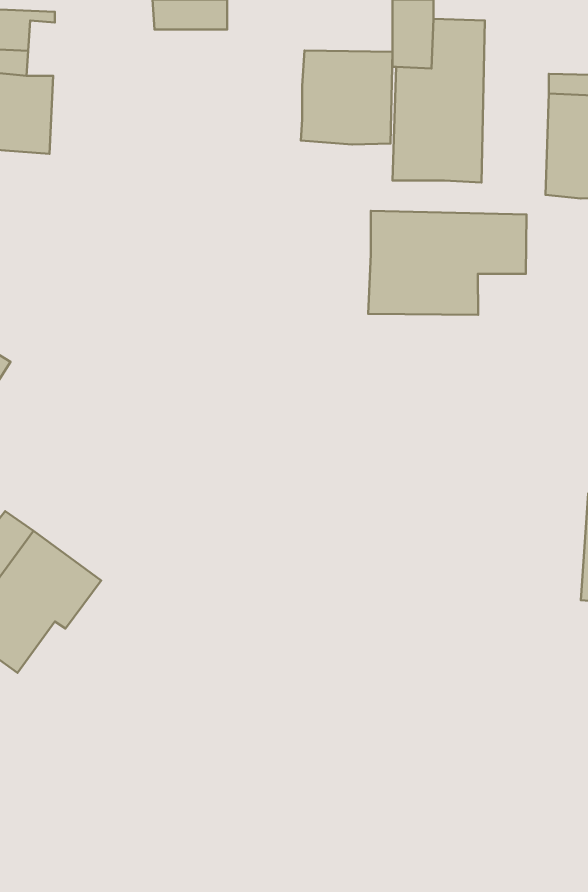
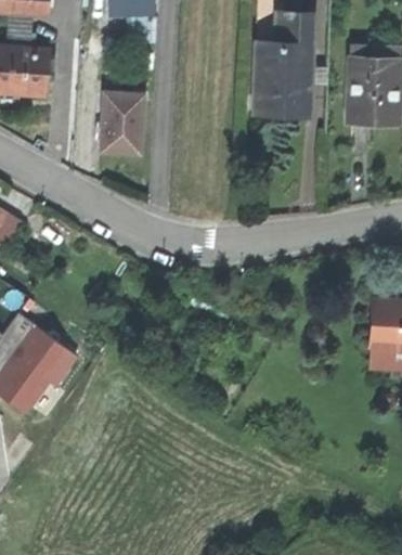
building: [301,50,393,145] -> none
building: none -> [103,92,146,154]
building: [368,211,527,315] -> none

